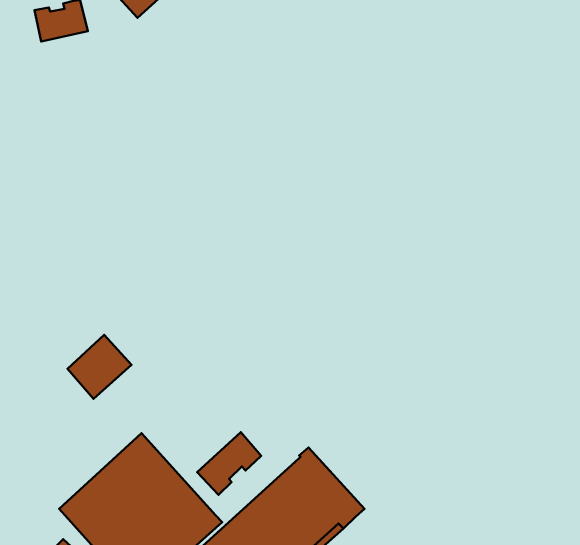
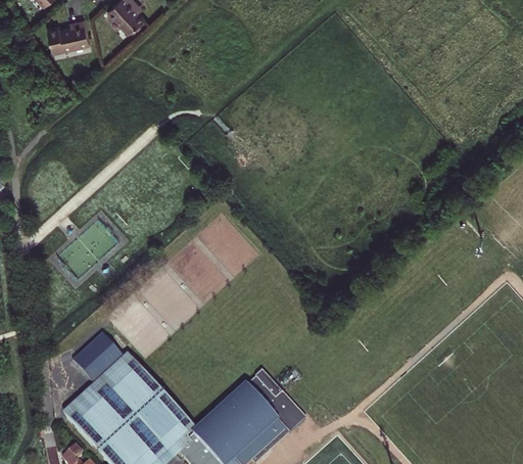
building: [67,335,131,399] -> [74,333,124,383]
building: [197,432,261,495] -> none

